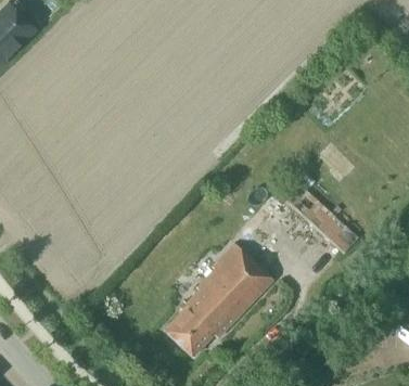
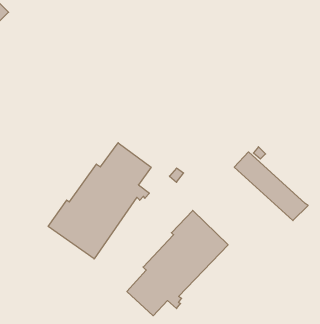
building: none -> [48,143,151,259]

